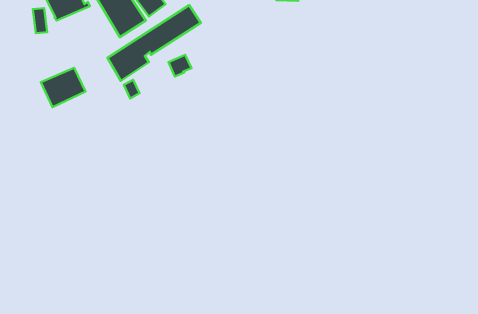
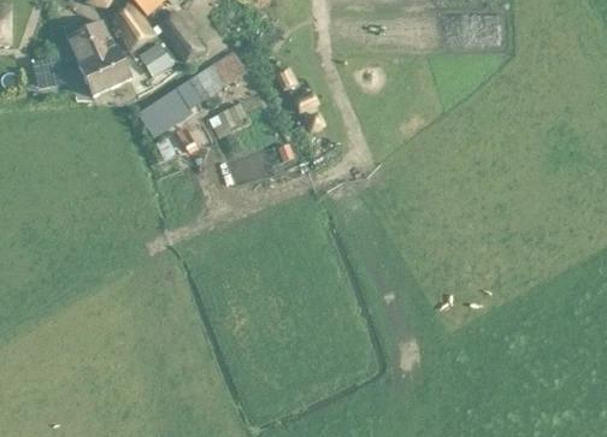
building: [41,68,86,107] -> [78,52,130,98]

